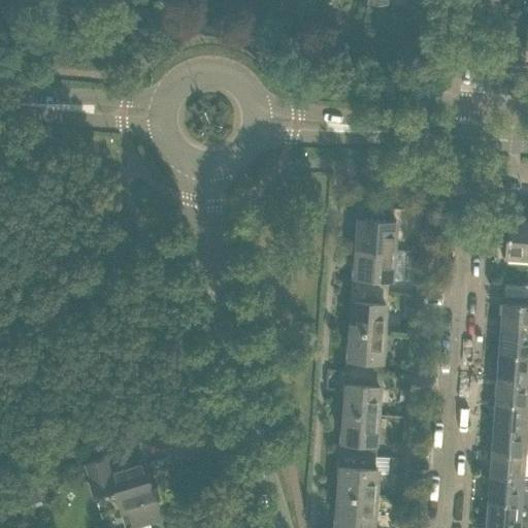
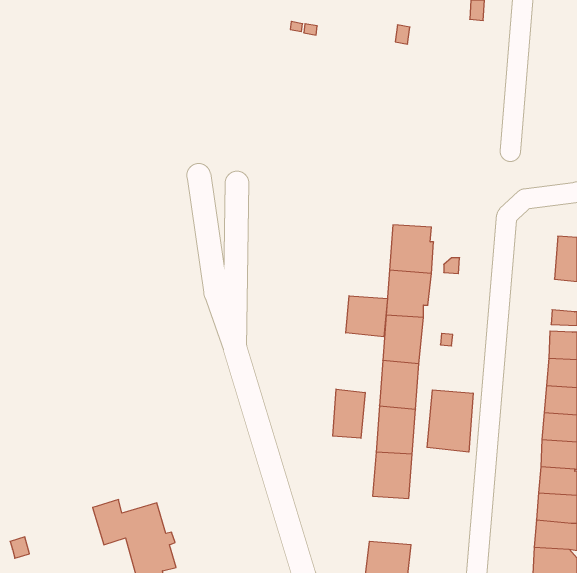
building: none -> [346,296,387,337]
building: none -> [333,389,365,438]
building: none -> [427,390,473,452]
building: [337,457,377,501] -> none

